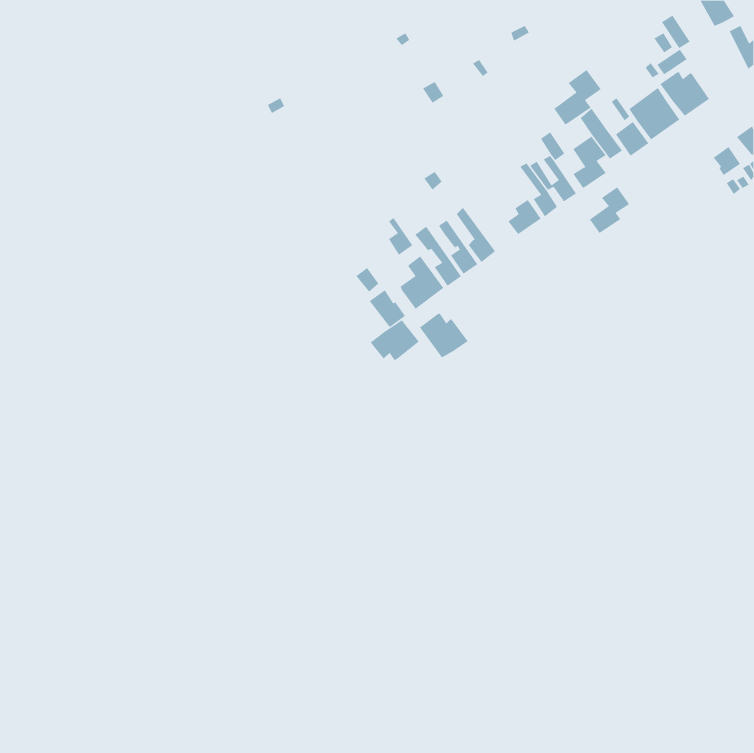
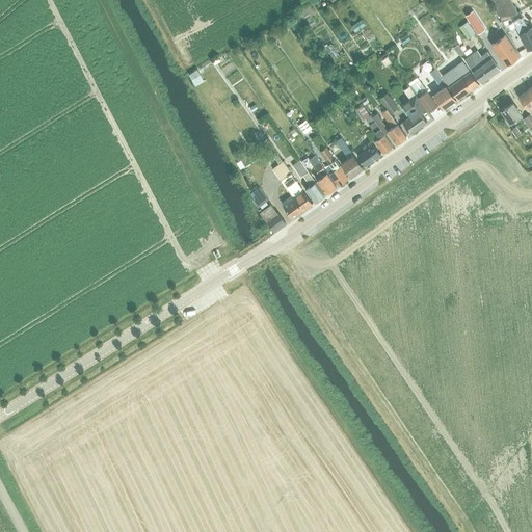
building: none -> [491,36,520,66]
building: [554,69,602,125] -> none
building: [589,186,630,234] -> none
building: none -> [336,137,364,178]
building: [419,313,469,358] -> none
building: [370,319,419,361] -> none

